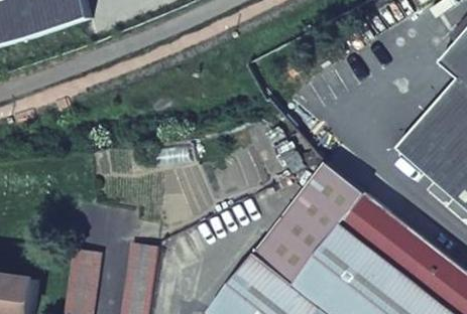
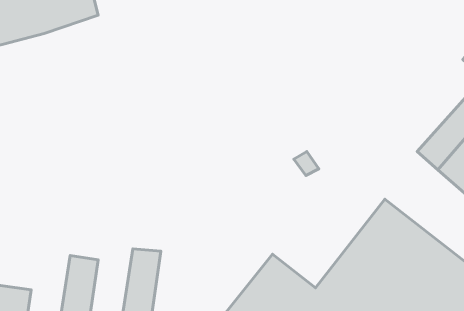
building: [261,164,366,278] -> none

